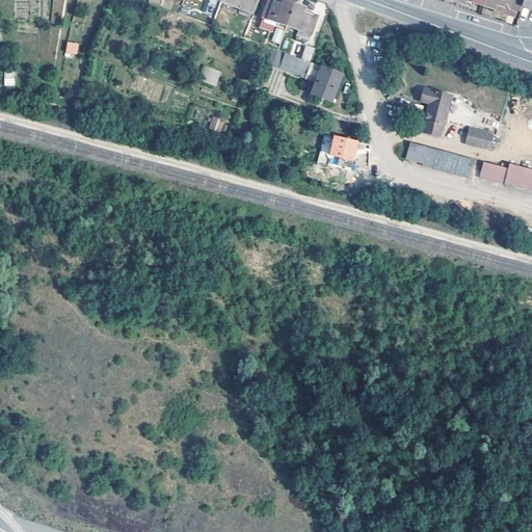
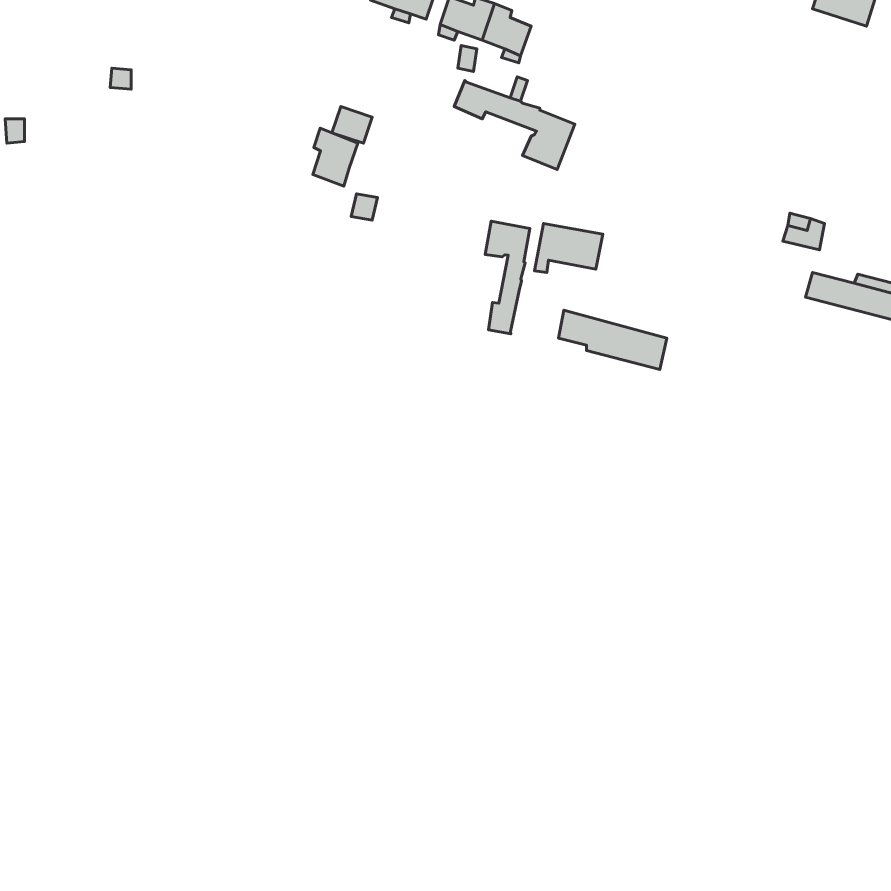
building: none -> [313,128,358,186]
building: [421,88,452,136] -> none
building: none -> [485,221,530,334]
building: [407,142,472,178] -> [559,310,667,370]

